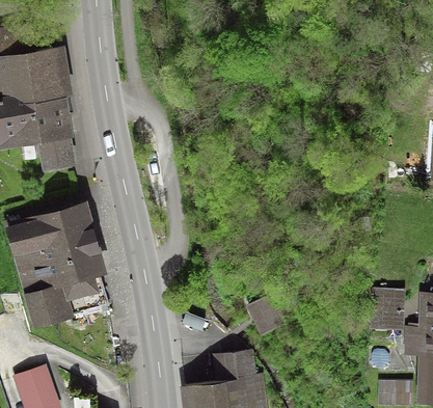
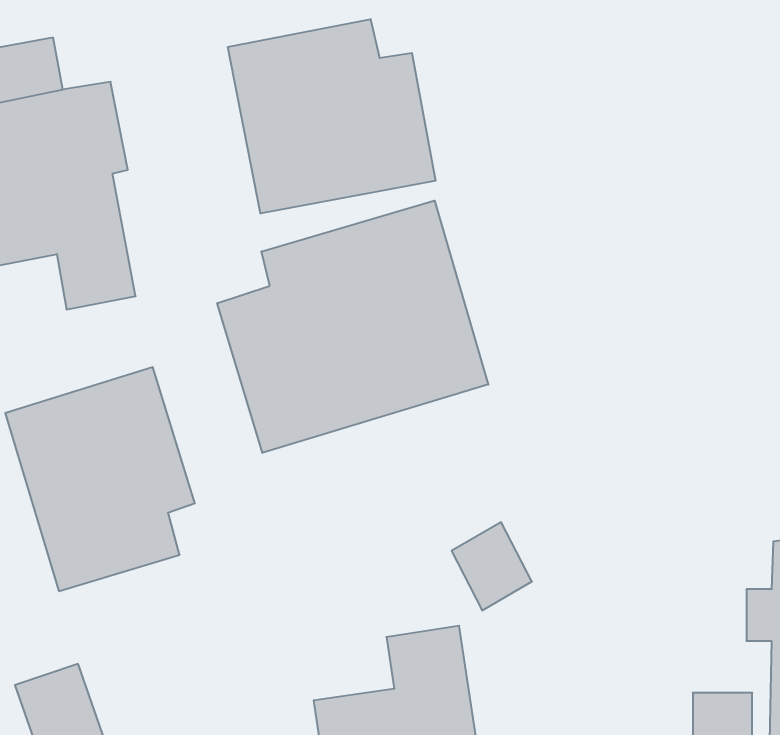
building: none -> [228,19,436,214]
building: none -> [217,201,488,453]
building: [369,287,405,330] -> none

